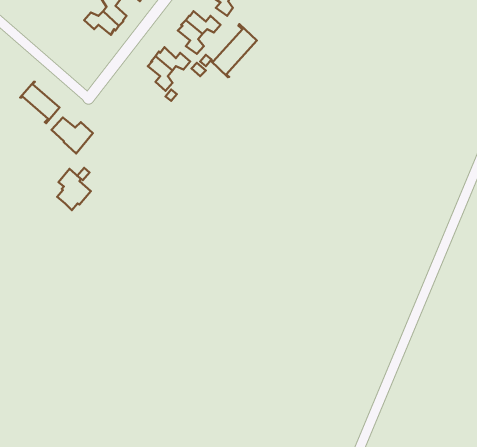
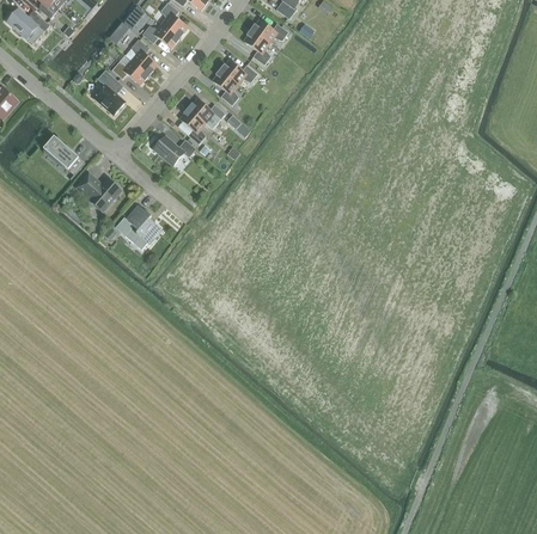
building: none -> [93,68,124,113]
building: [210,24,257,77] -> none
building: none -> [152,134,195,165]
building: [57,169,91,210] -> [124,204,160,248]

